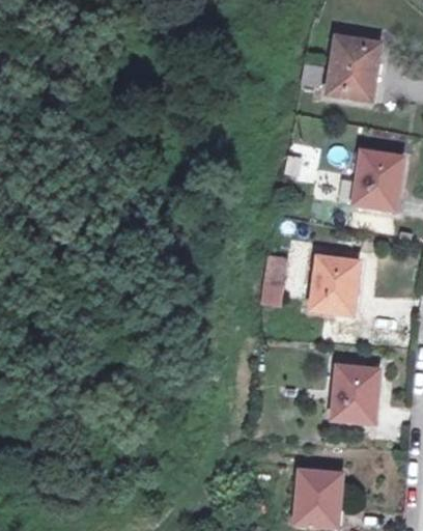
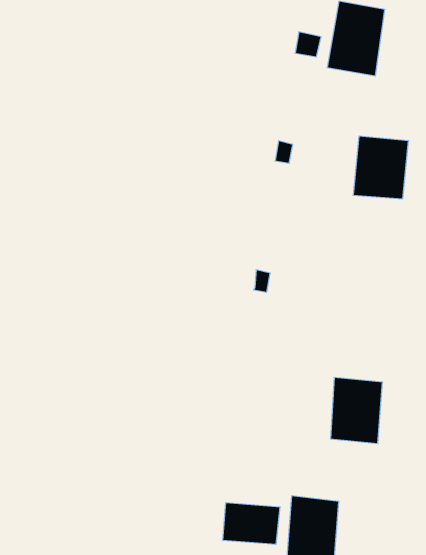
building: [310,255,358,314] -> none
building: none -> [223,503,280,544]

